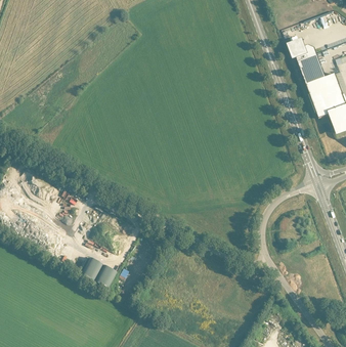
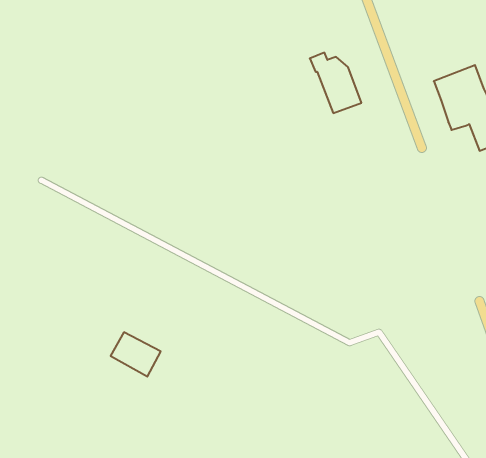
building: [290,42,326,84] -> [310,53,361,113]

